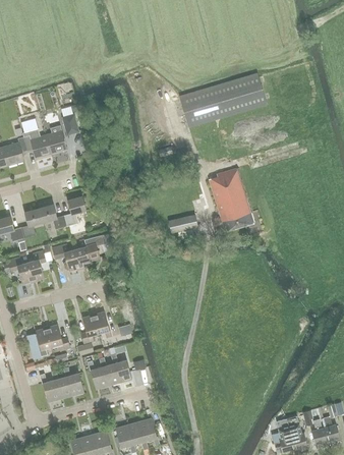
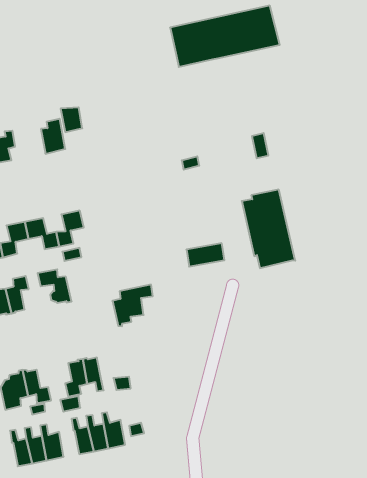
building: [179,73,267,127] -> [170,6,280,67]
building: [22,128,51,158] -> none
building: [74,234,106,269] -> [112,285,153,326]

